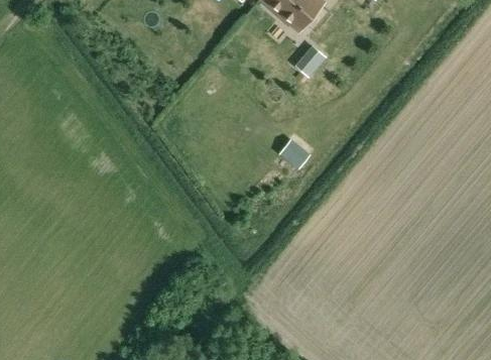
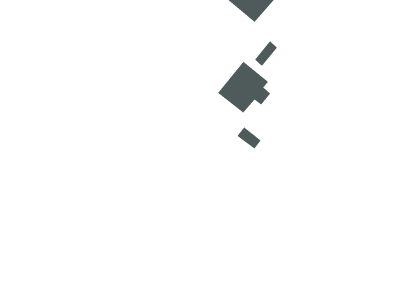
building: none -> [217,61,271,114]

